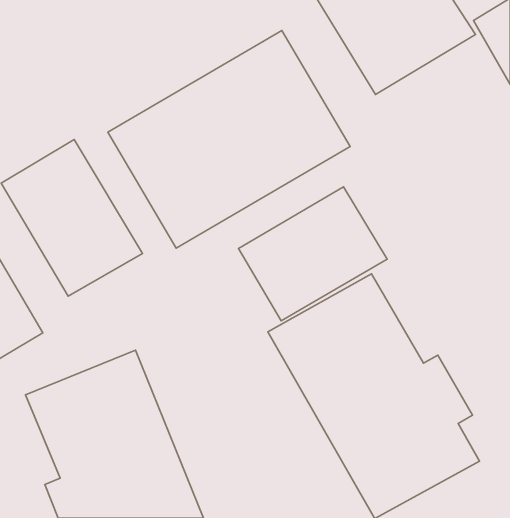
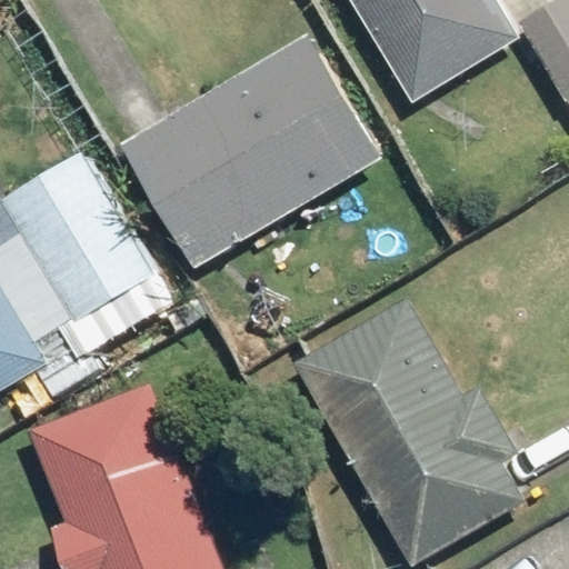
building: [239,187,387,321] -> none

